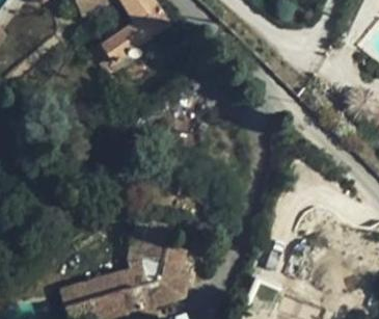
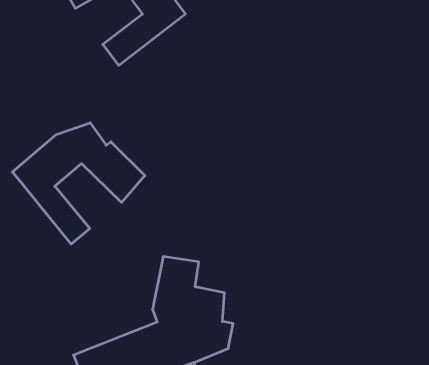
building: none -> [12,123,145,244]

